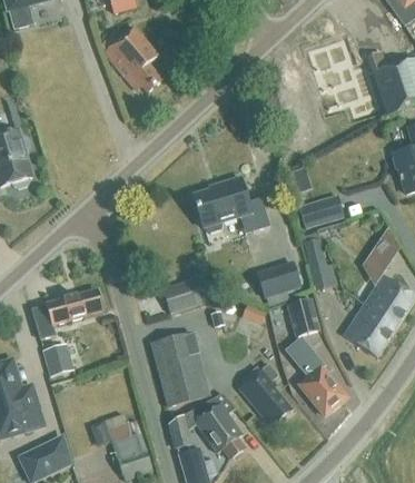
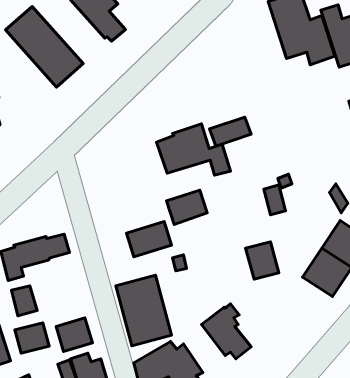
building: none -> [6,6,83,87]
building: [298,194,342,224] -> [209,117,251,146]
building: [259,262,302,297] -> [166,190,207,224]
building: [290,346,345,415] -> none
building: none -> [56,318,92,351]
building: none -> [15,323,49,353]

